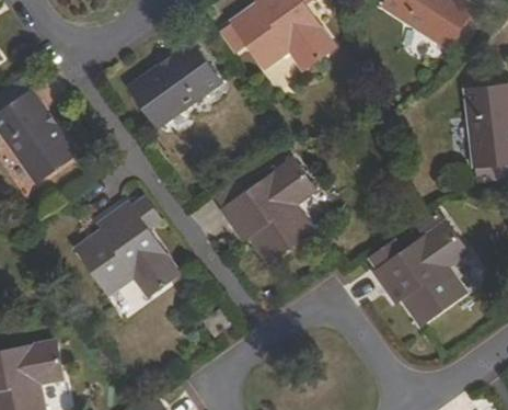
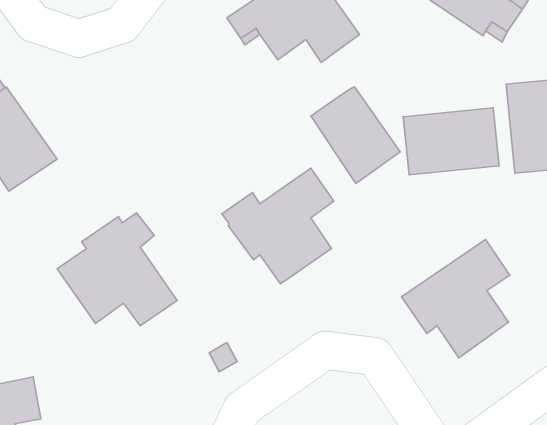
building: [129,43,222,128] -> none
building: none -> [311,87,400,183]
building: none -> [403,108,499,175]

